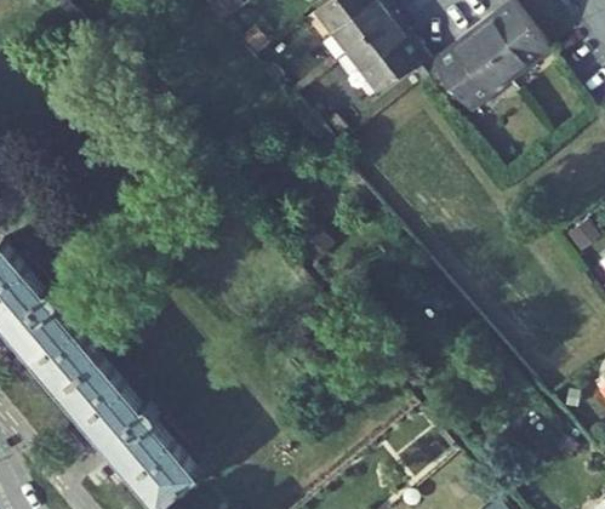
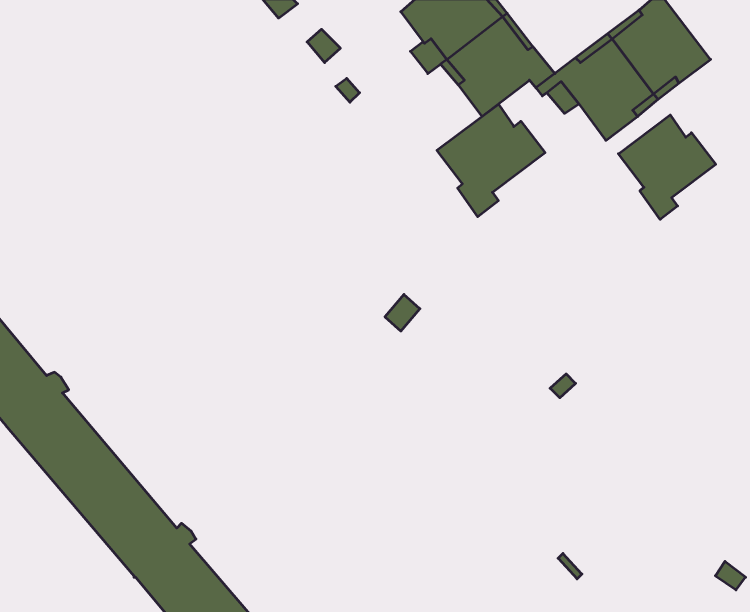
building: none -> [437,104,545,217]
building: none -> [618,115,716,219]

